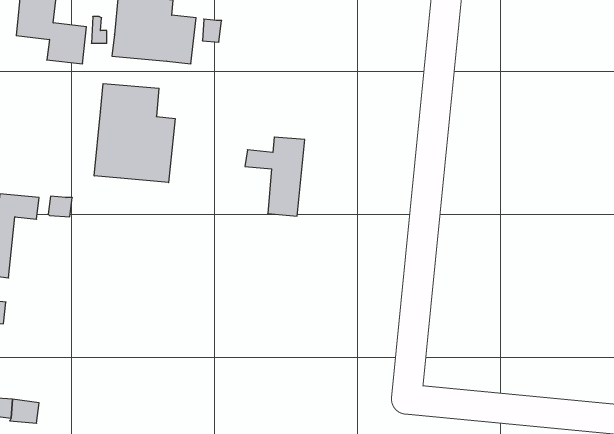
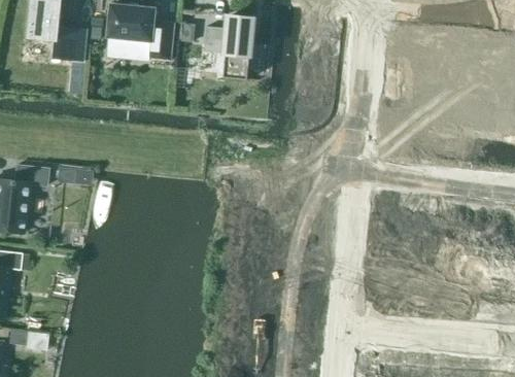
building: [94,84,175,183] -> none
building: [245,137,305,216] -> [205,15,253,79]

